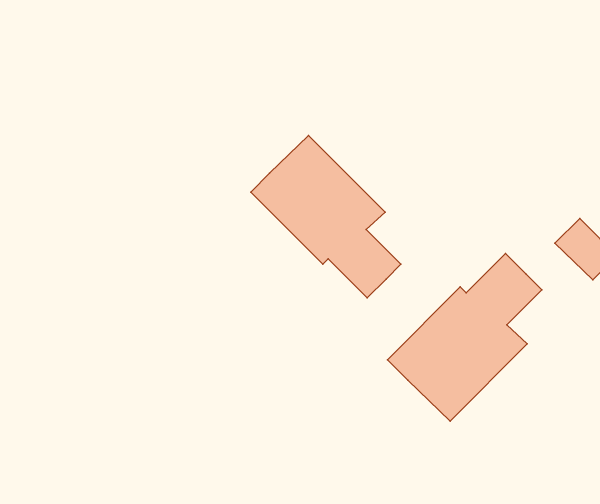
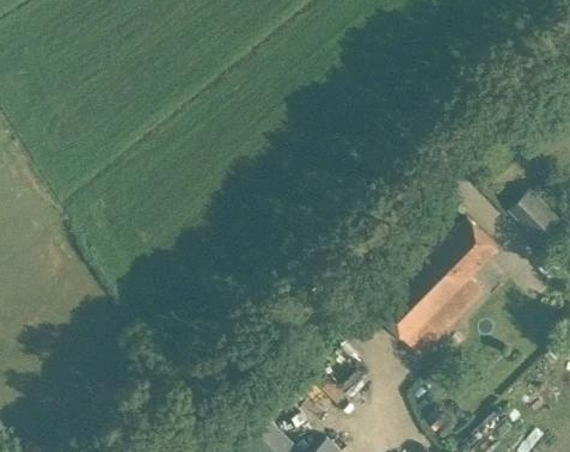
building: [251,136,401,298] -> none

